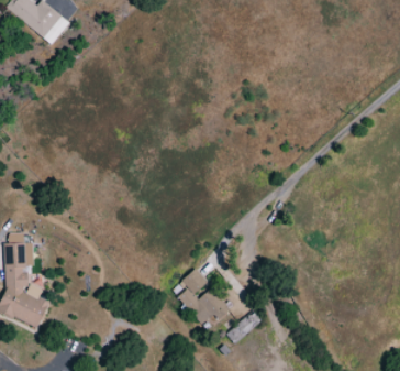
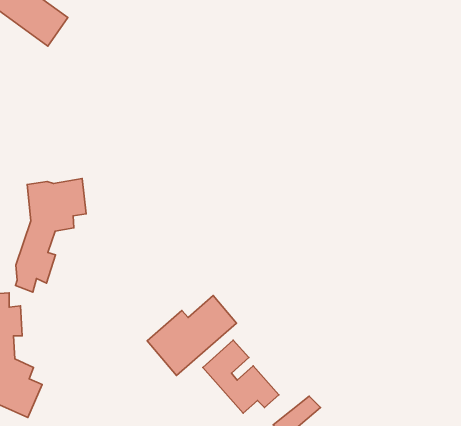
building: none -> [16,179,86,292]
building: none -> [147,295,236,375]

